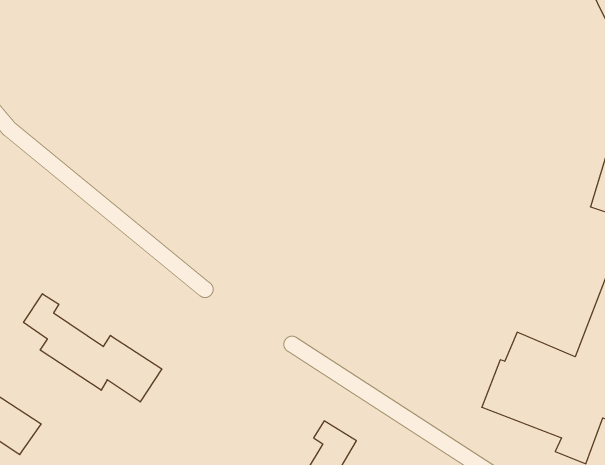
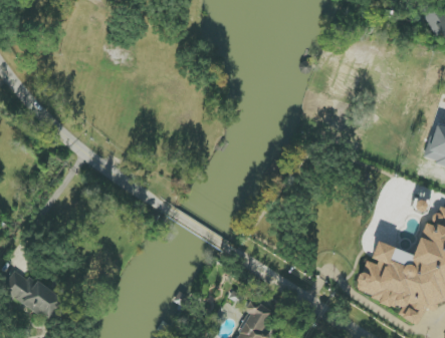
building: [24,294,162,402] -> none

